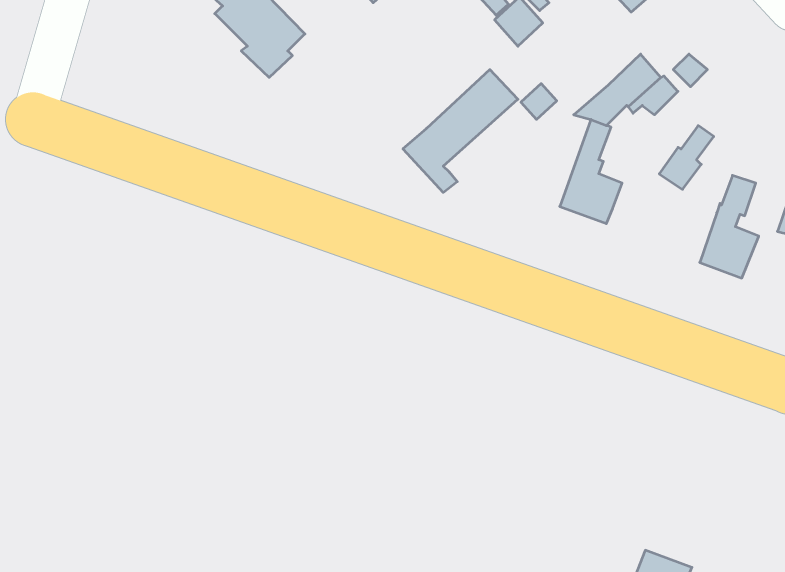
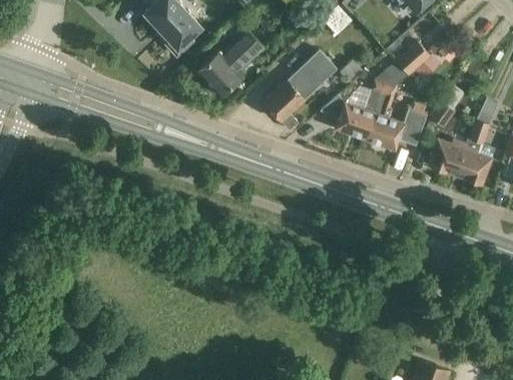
building: none -> [197,28,266,95]
building: none -> [320,79,385,138]
building: none -> [399,101,428,145]
building: none -> [428,137,466,174]

